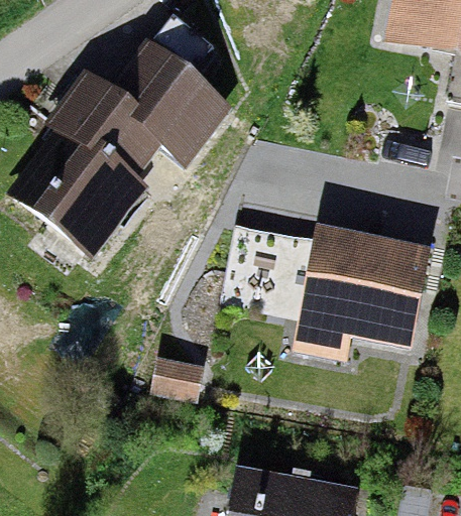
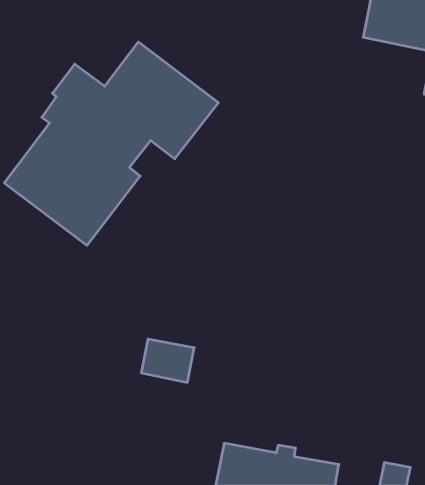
building: [295,227,433,359] -> none

